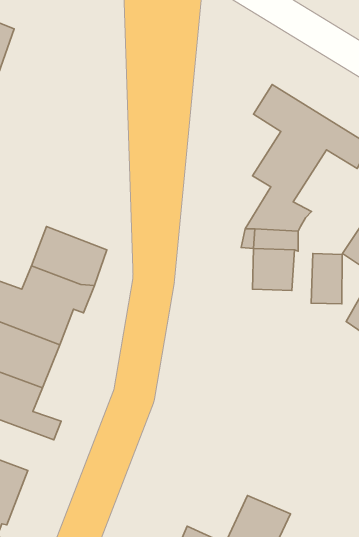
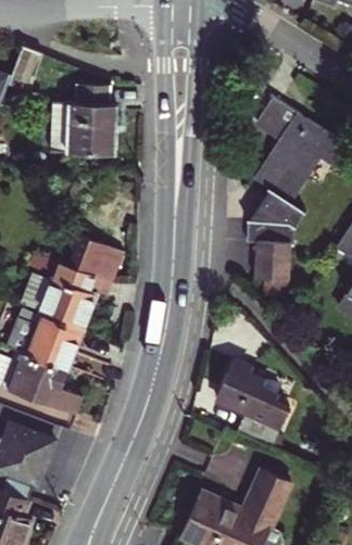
building: none -> [55,84,117,154]
building: [311,254,342,304] -> none
building: none -> [214,360,290,448]

